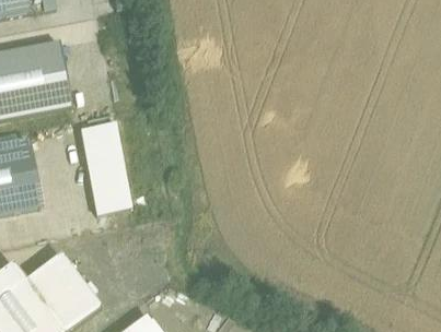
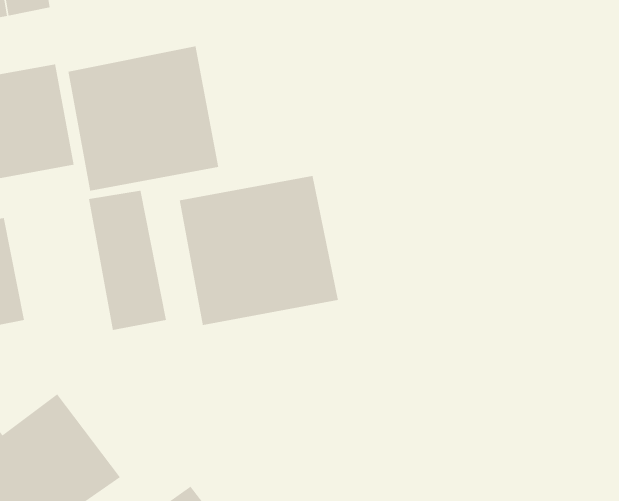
building: none -> [68,45,219,191]
building: none -> [179,175,338,326]

